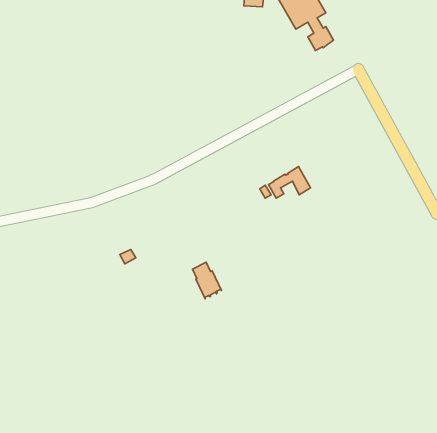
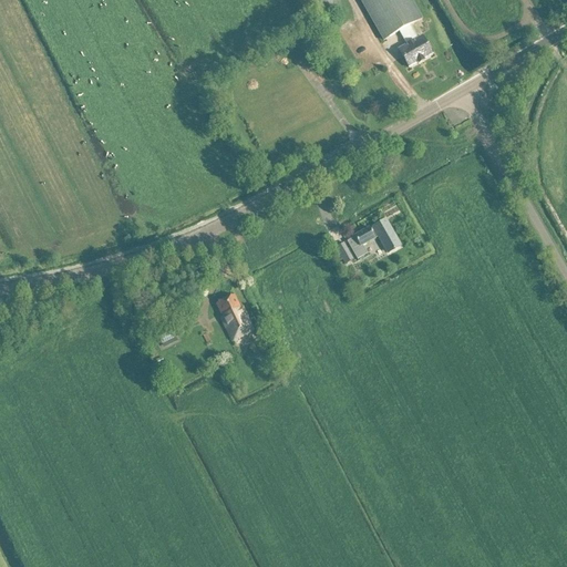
building: [193,262,222,299] -> [217,293,255,341]

